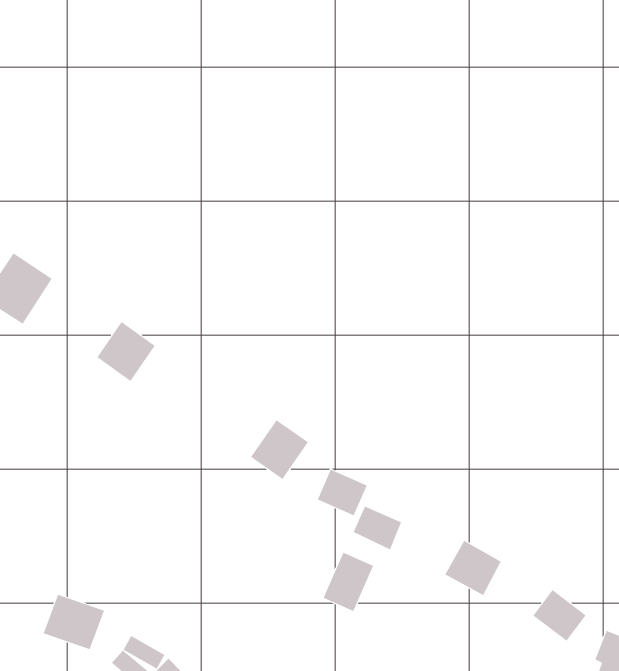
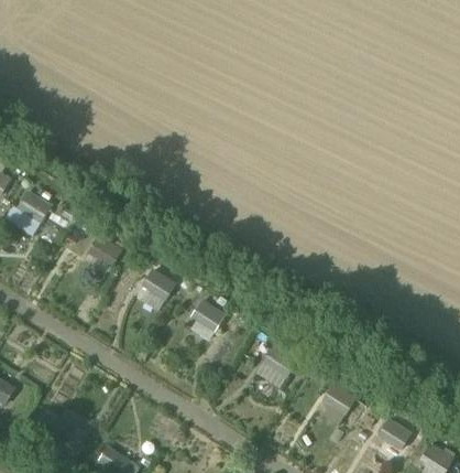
building: none -> [134,268,176,310]
building: [317,469,367,516] -> none
building: [323,552,374,612] -> none

